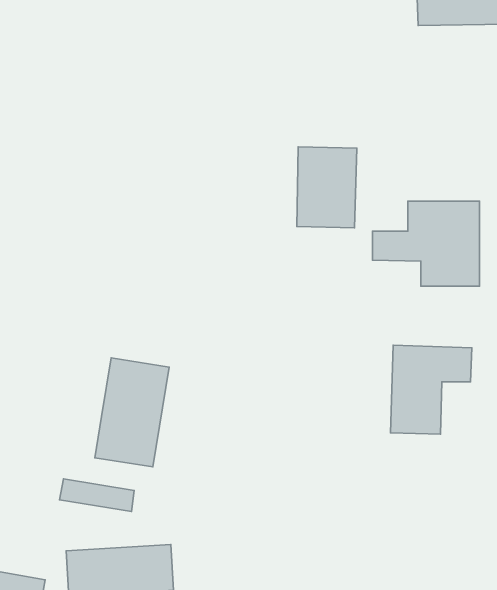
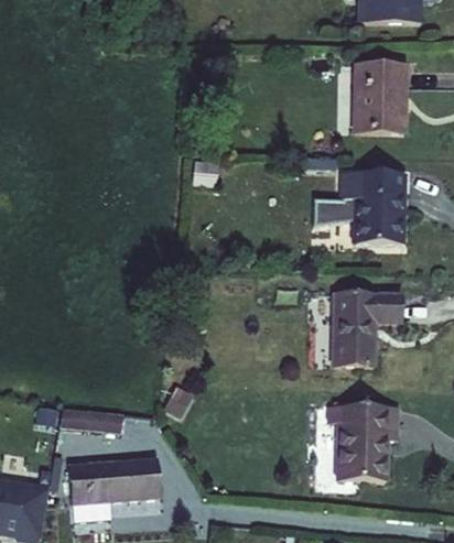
building: [297,147,357,228] -> [360,63,411,131]
building: [95,358,169,467] -> none
building: none -> [326,405,398,482]

